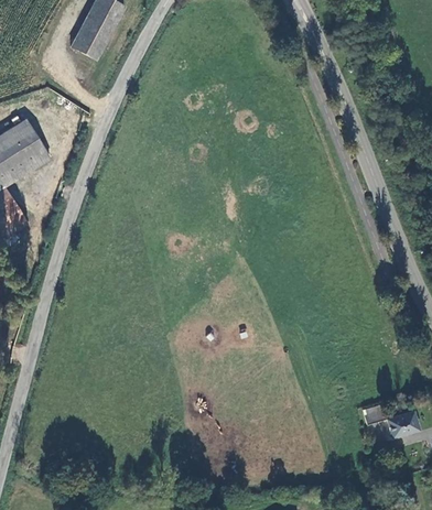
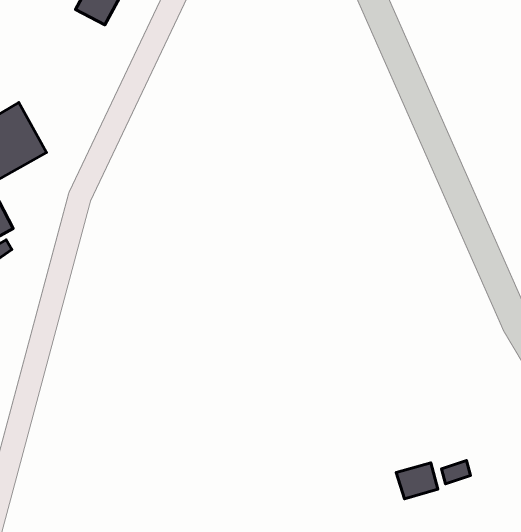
building: [387,409,420,437] -> [396,463,438,499]

